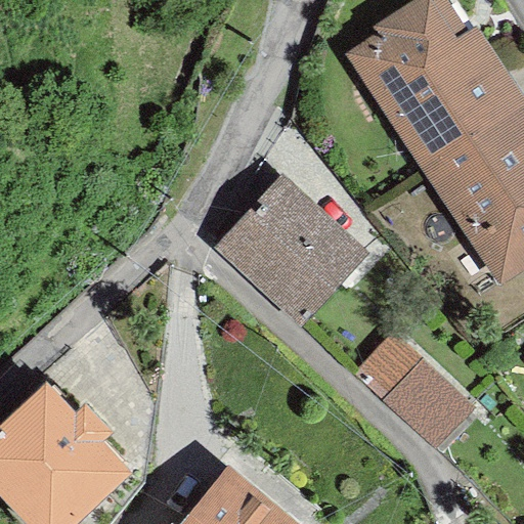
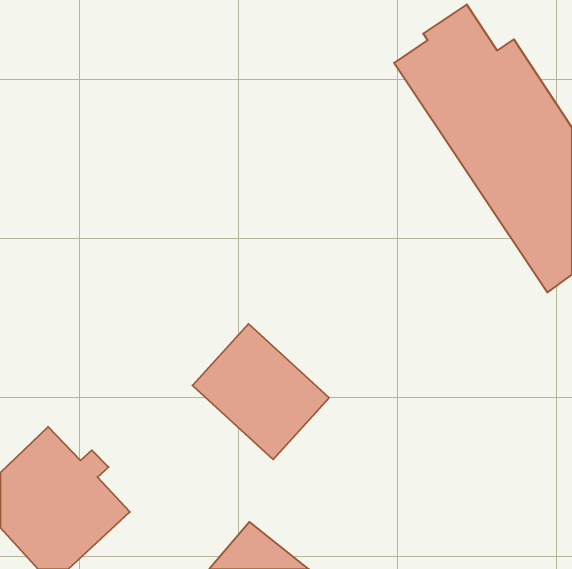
building: [228,187,353,311] -> [192,324,329,459]
building: [356,334,476,449] -> none

